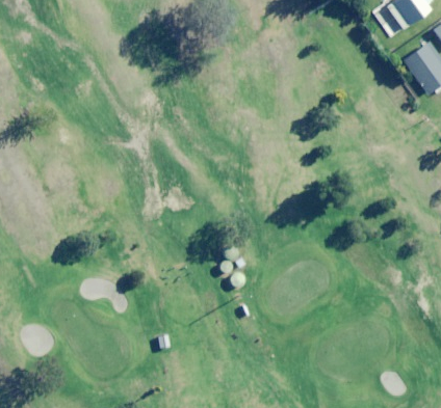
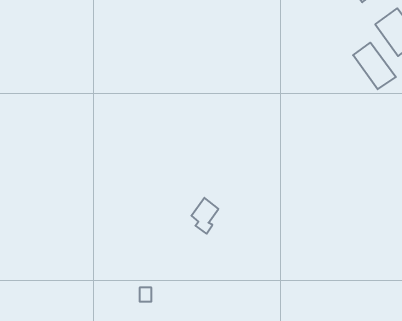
building: none -> [353,43,396,89]

